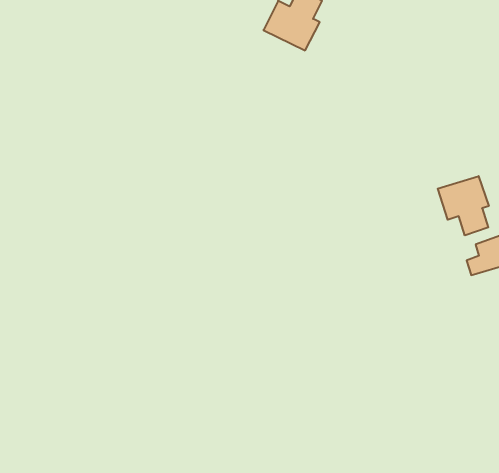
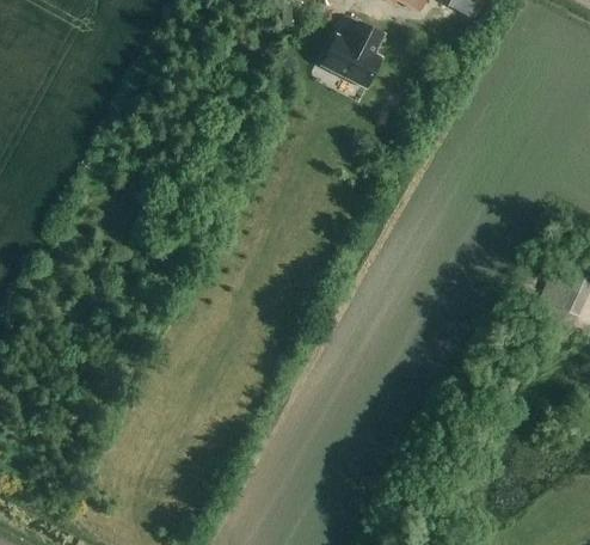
building: [438,176,489,235] -> none

